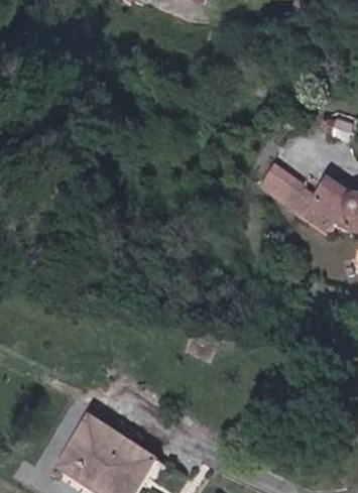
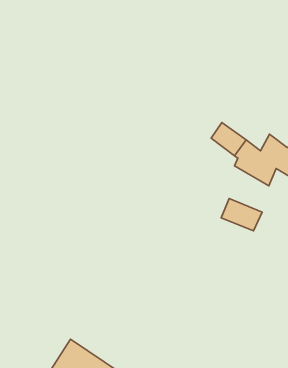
building: none -> [221,199,262,231]

